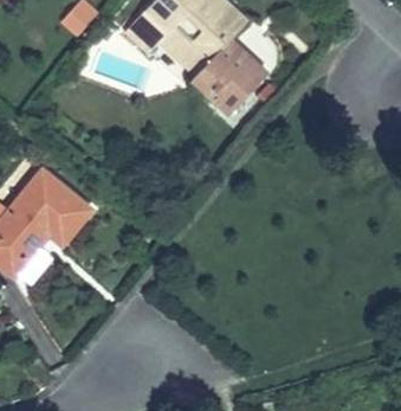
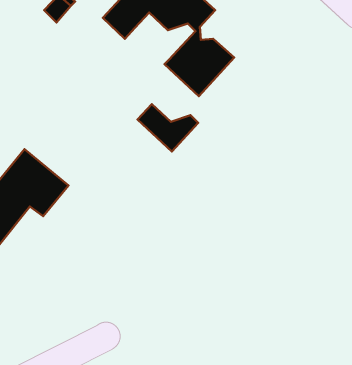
building: [160,24,225,75] -> [138,104,198,152]

